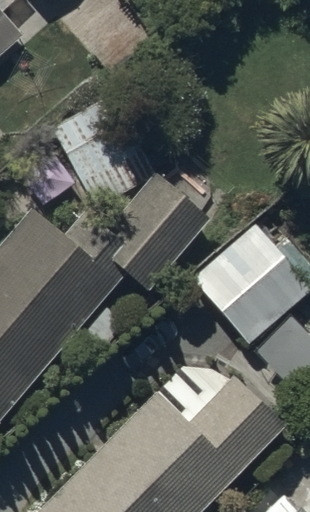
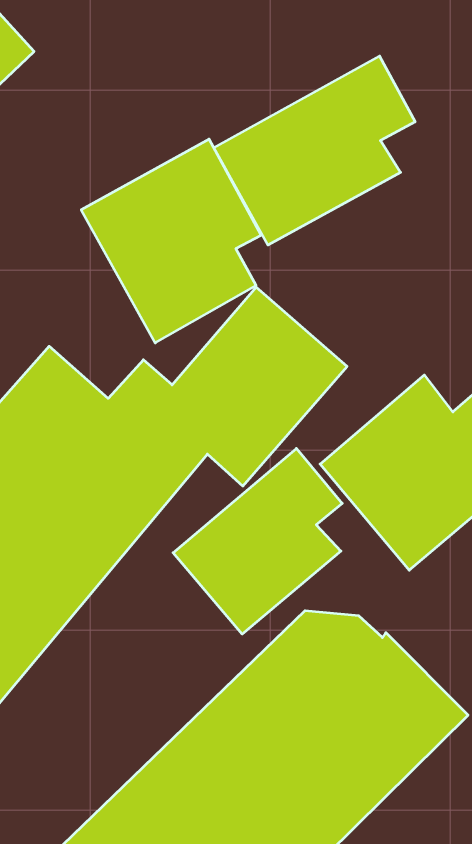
building: none -> [214,56,415,245]
building: none -> [173,448,342,634]

